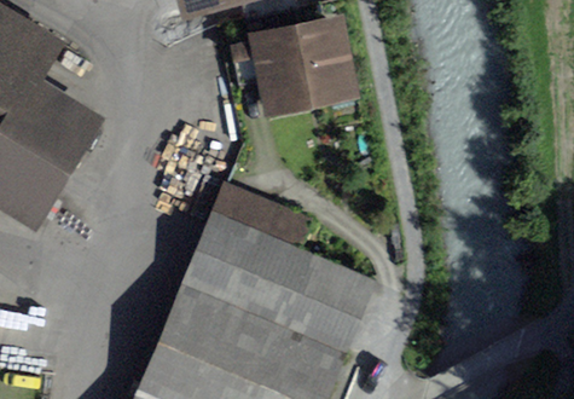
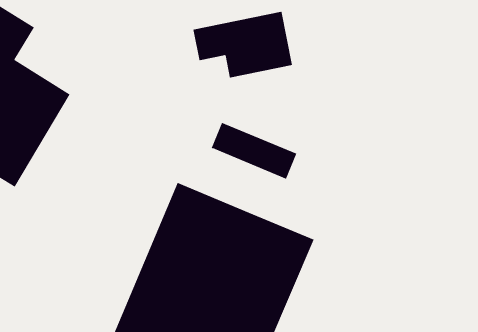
building: [213,185,309,249] -> [211,122,297,179]

